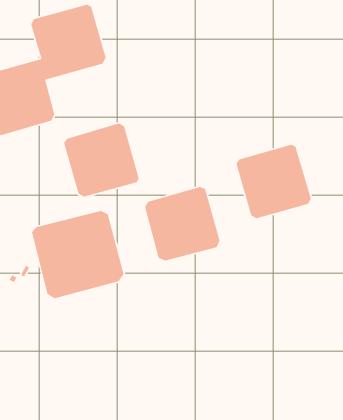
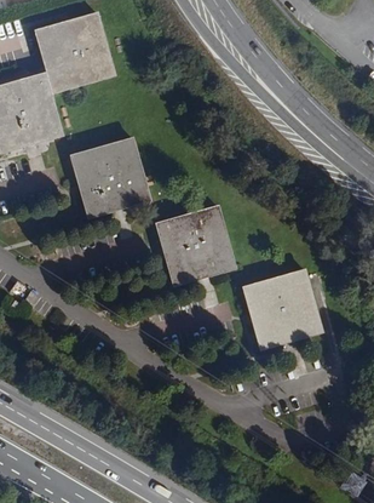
building: [236,144,312,219] -> [242,269,323,349]
building: [31,210,125,299] -> none

